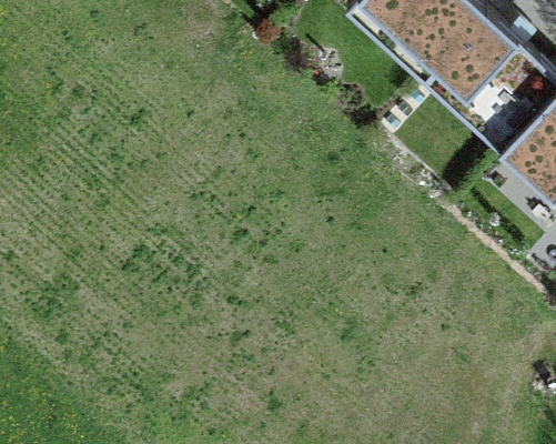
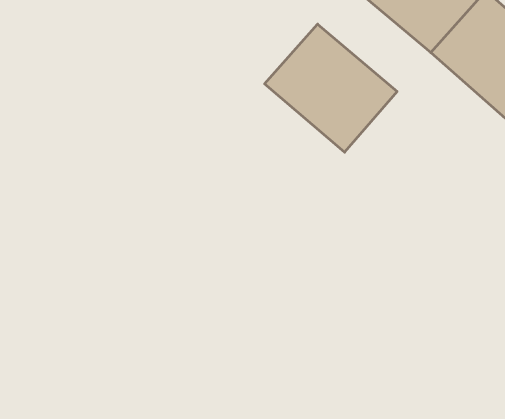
building: none -> [265,24,397,152]

